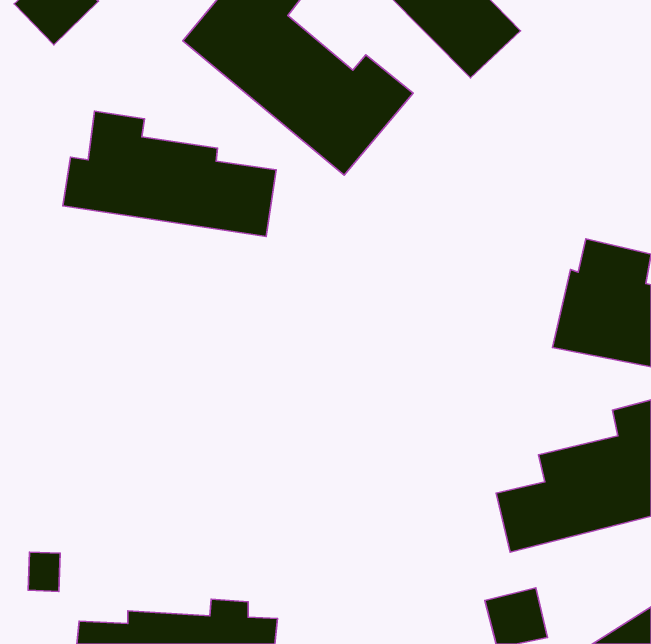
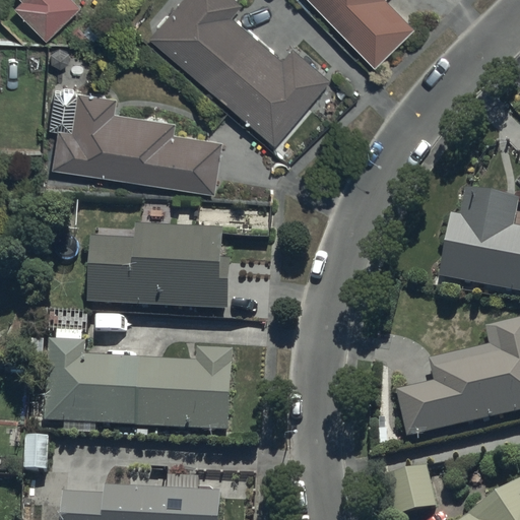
building: none -> [86,228,230,311]
building: none -> [44,331,234,433]

